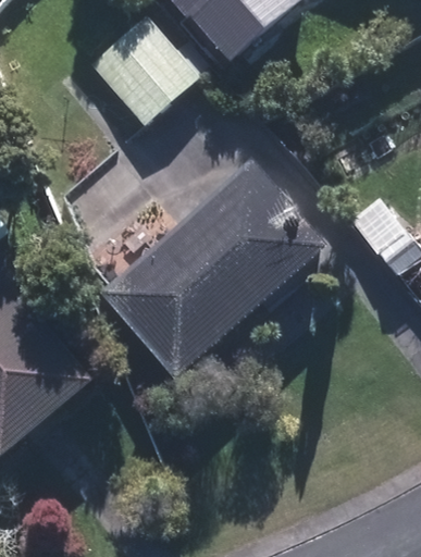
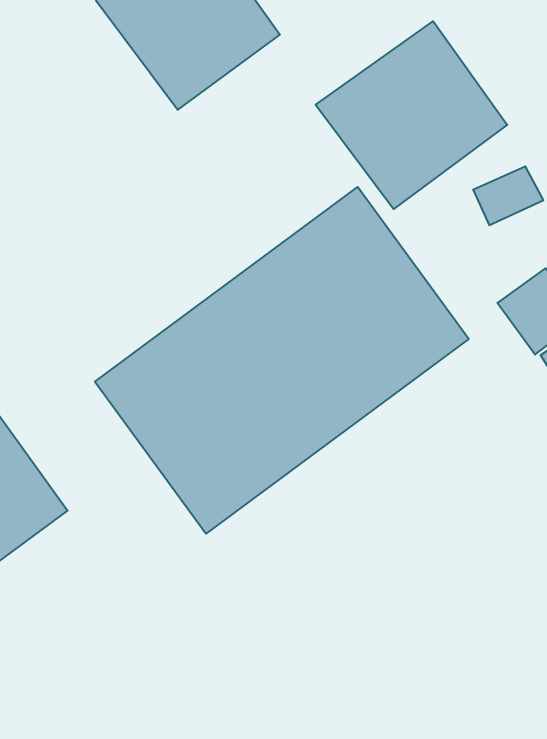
building: none -> [316,21,507,209]

